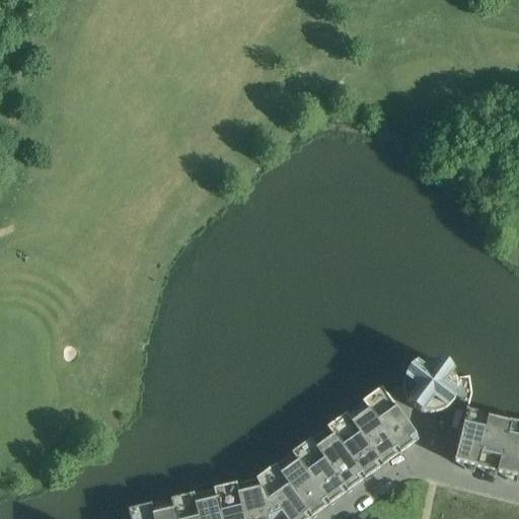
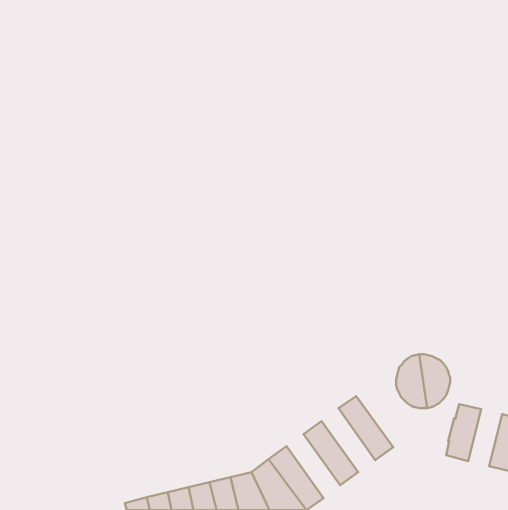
building: [364,388,420,454] -> none
building: [328,415,383,479] -> none
building: [477,416,512,473] -> none
building: [293,441,348,506] -> none

